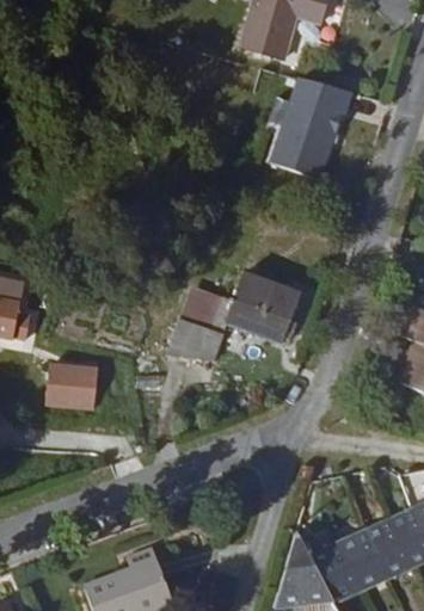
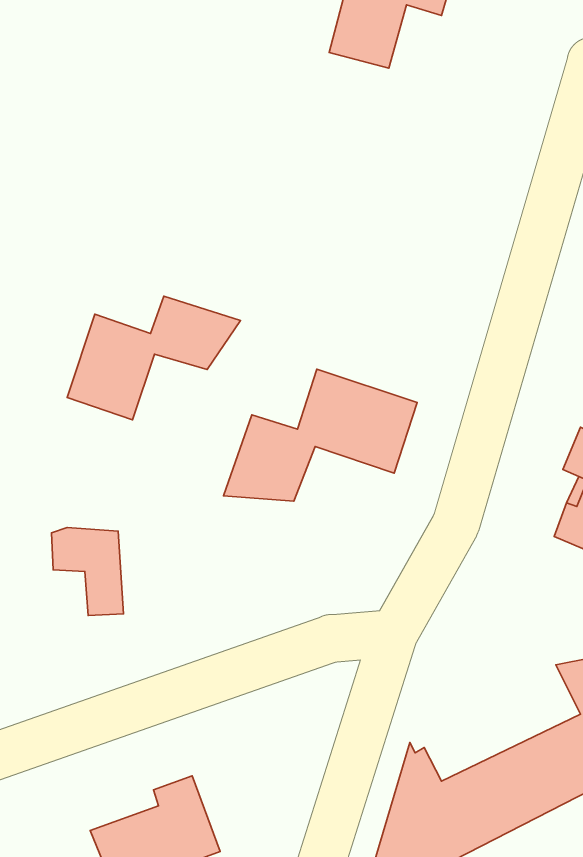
building: [266,86,345,187] -> none
building: none -> [67,296,240,420]

